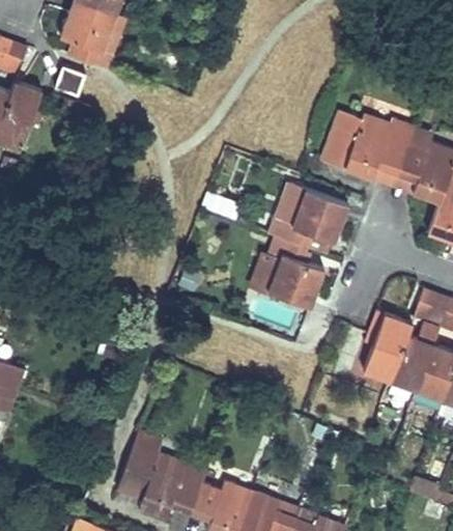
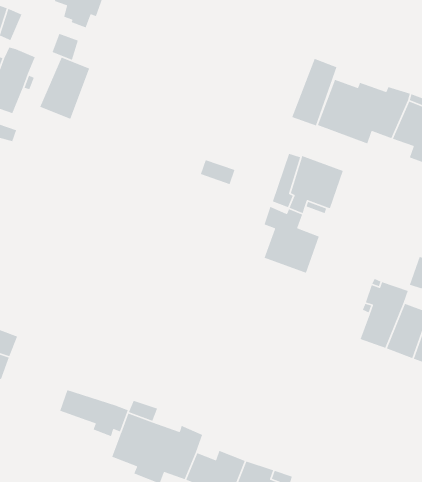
building: none -> [39,56,90,120]
building: none -> [291,58,337,127]
building: none -> [59,389,129,437]

